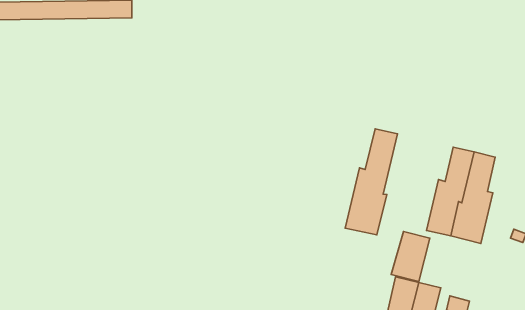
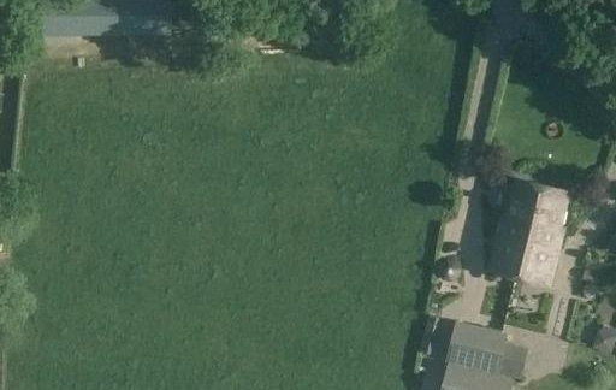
building: [345,129,398,235] -> none
building: [391,232,430,282] -> none

